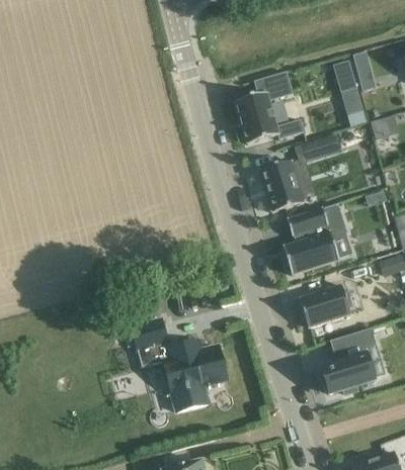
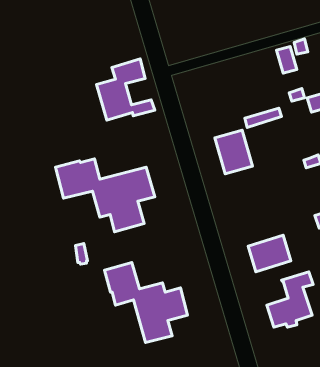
building: [236,71,305,144] -> [97,59,155,120]
building: none -> [56,159,155,232]
building: [282,202,346,273] -> none

